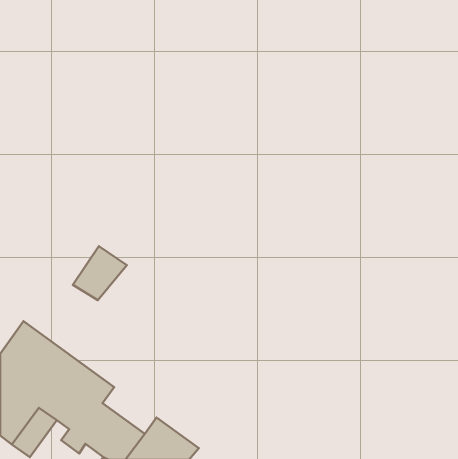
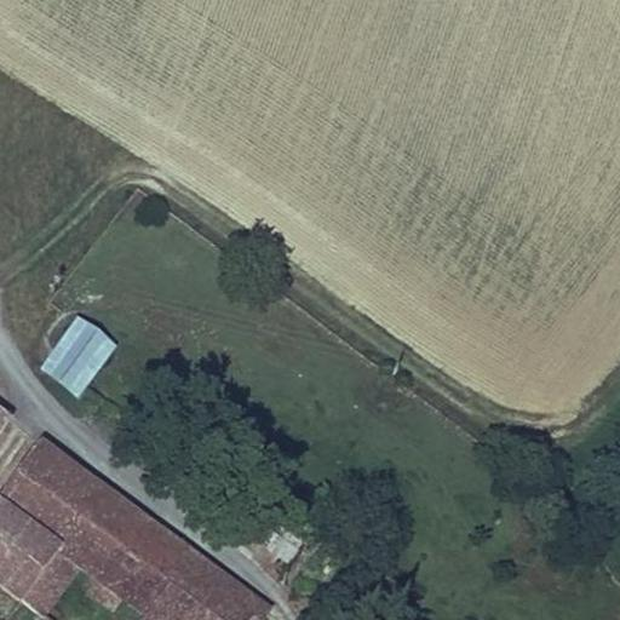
building: [73,246,127,300] -> [44,318,116,391]
building: none -> [140,522,213,585]

